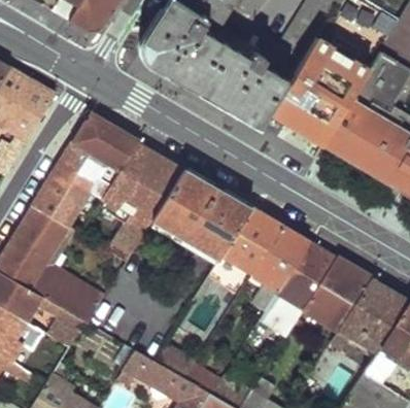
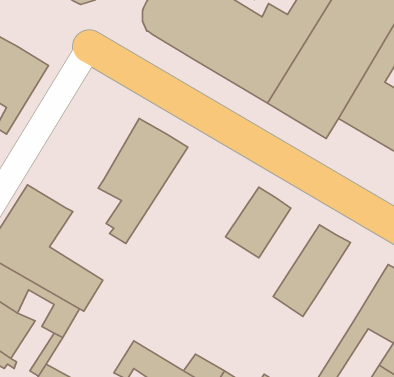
building: [35,114,139,226] -> none
building: [150,169,250,258] -> none
building: [250,226,307,308] -> none
building: [303,258,371,331] -> none

